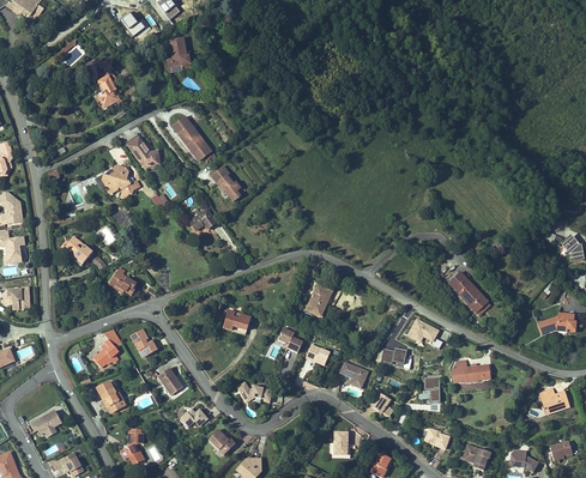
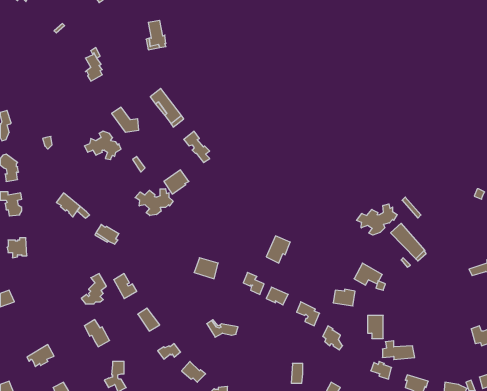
building: none -> [135,189,173,216]
building: none -> [357,204,397,235]
building: [453,359,490,381] -> [382,341,415,360]

